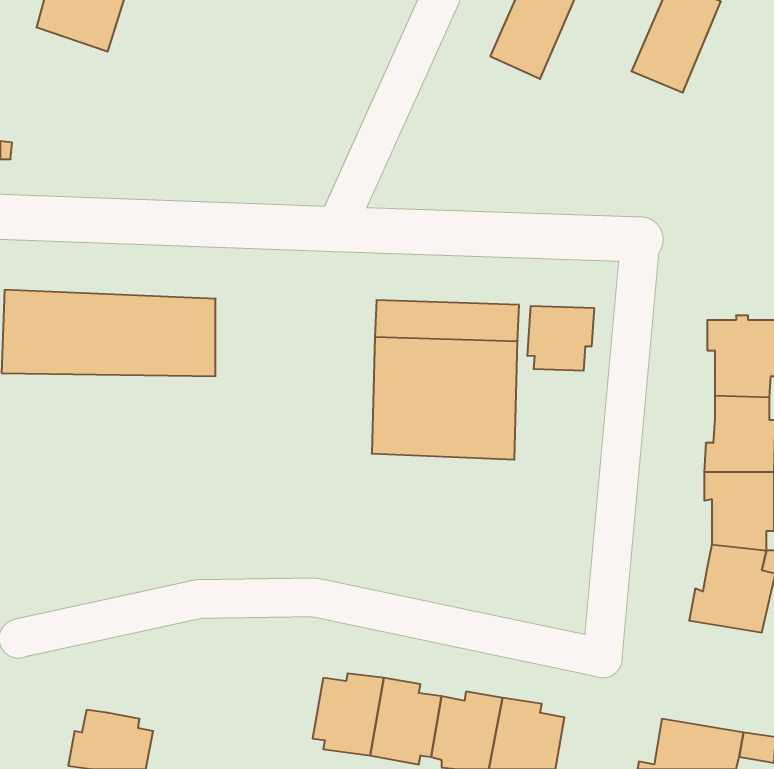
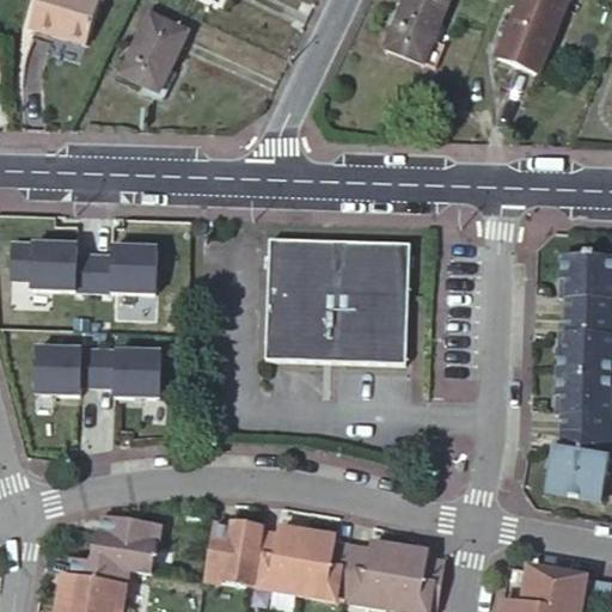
building: none -> [124,10,190,88]
building: none -> [262,235,298,357]
building: [527,306,594,371] -> none
building: none -> [36,351,161,400]
building: none -> [86,516,153,573]
building: none -> [201,524,257,588]

